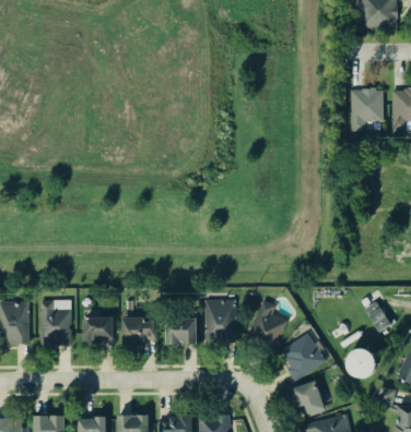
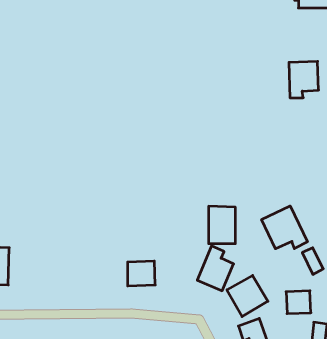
building: none -> [262,206,307,249]
building: [204,299,235,341] -> [209,206,235,244]
building: [39,300,71,344] -> none
building: [83,316,113,345] -> none
building: [121,317,155,343] -> none

